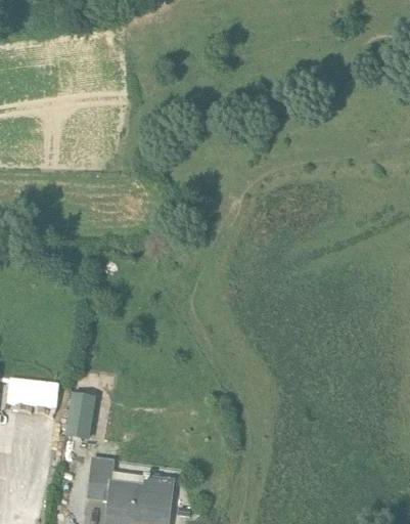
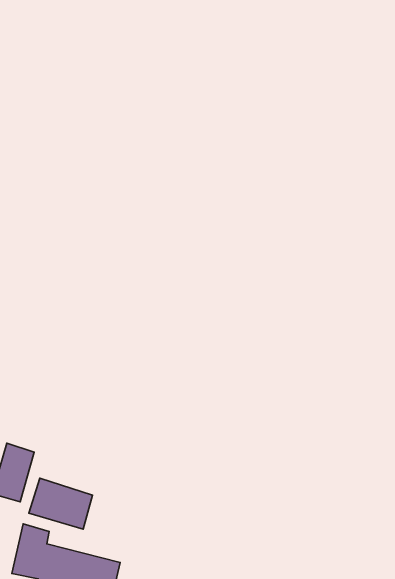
building: none -> [29,478,92,529]

